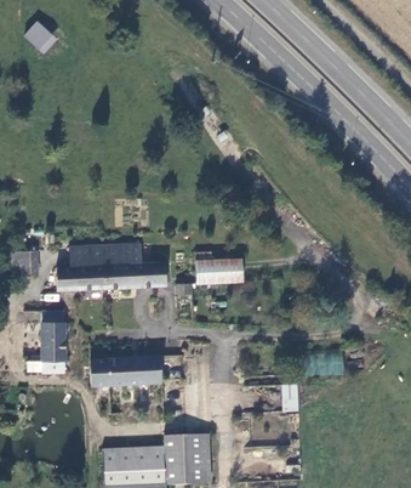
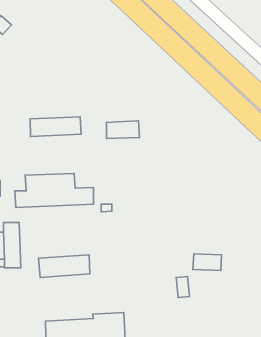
building: none -> [30,117,81,136]
building: [199,257,245,282] -> [106,121,140,138]

